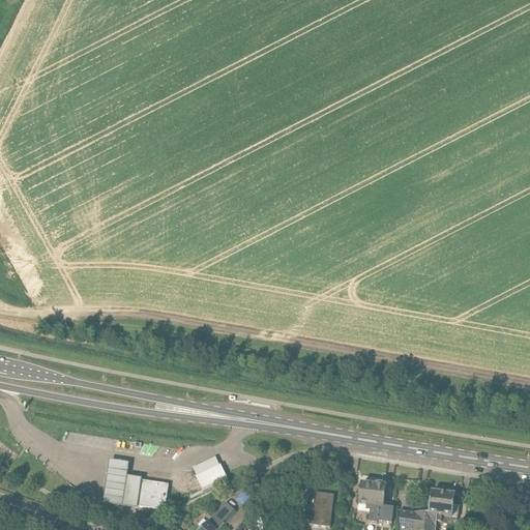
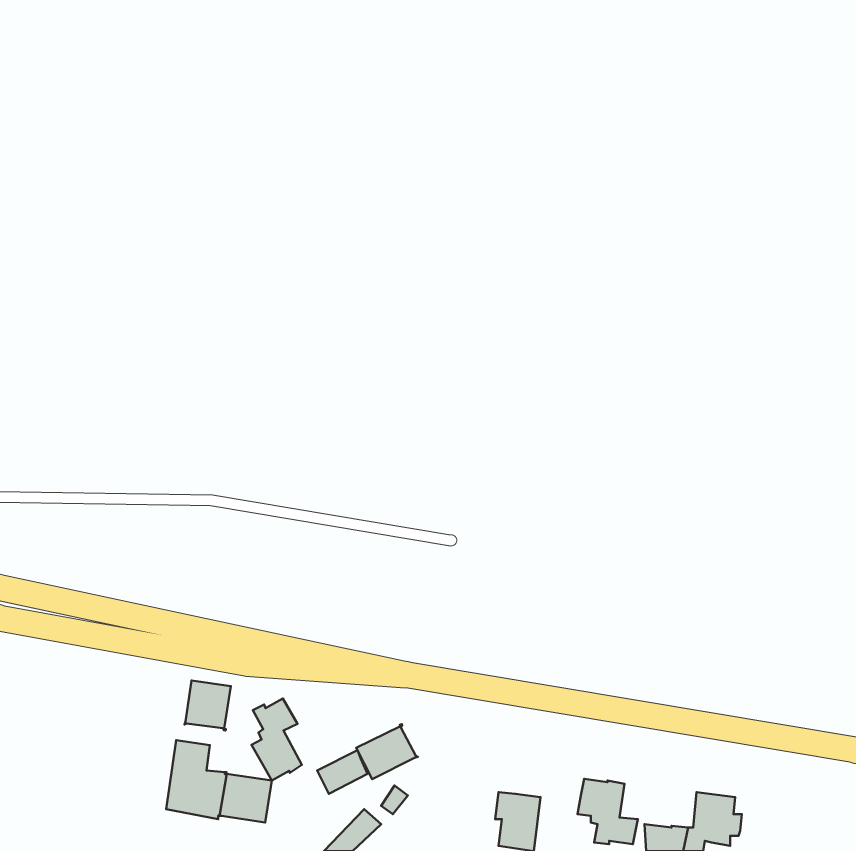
building: none -> [185,681,231,731]
building: none -> [251,699,302,781]
building: none -> [356,724,418,779]

